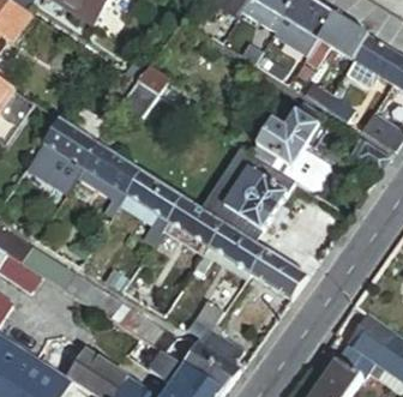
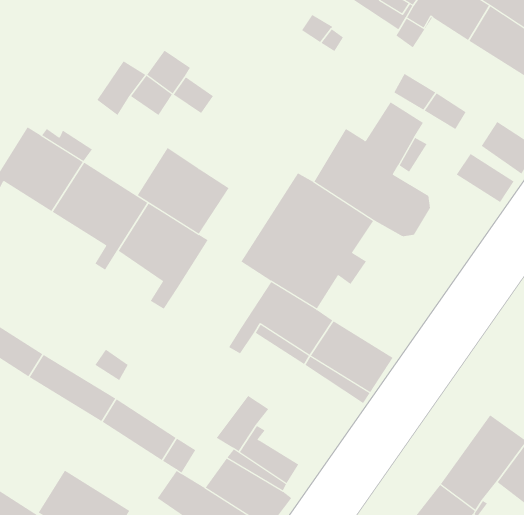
building: [162,196,224,254] -> [137,147,229,234]

